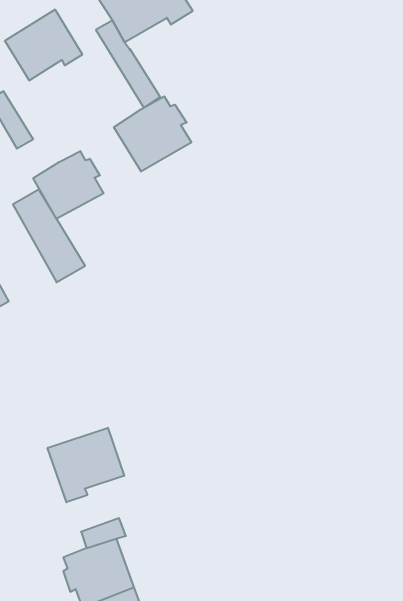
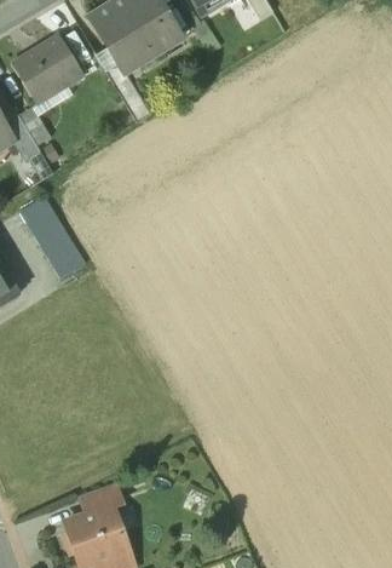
building: [114,96,191,172] -> none
building: [33,151,104,219] -> none
building: [48,428,124,502] -> none

